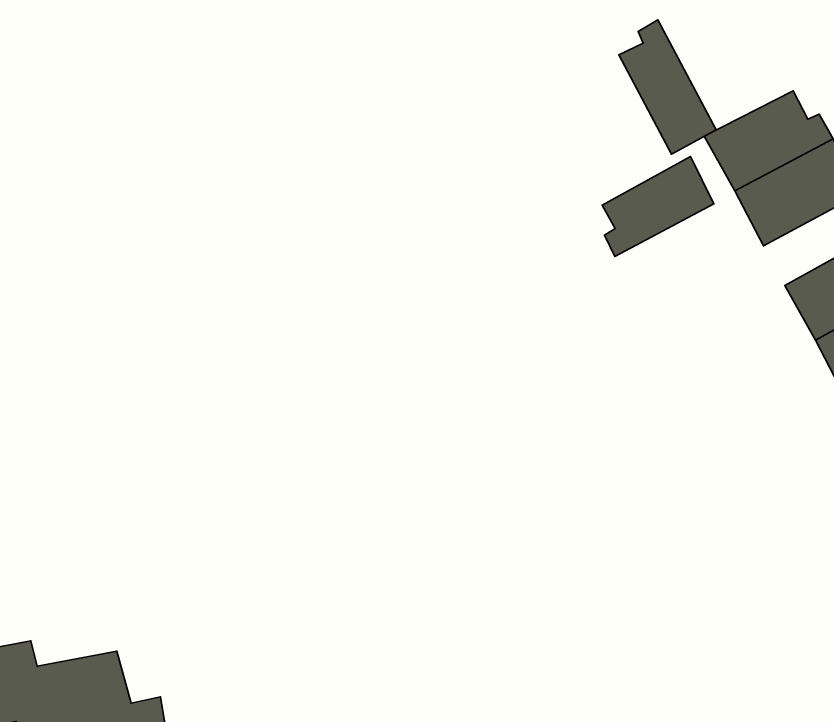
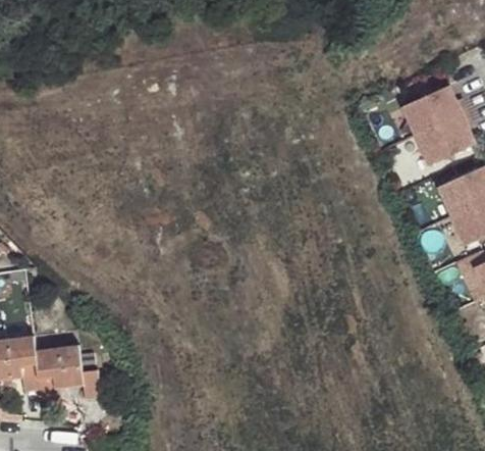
building: [619,20,716,154] -> none
building: [602,157,714,256] -> none

